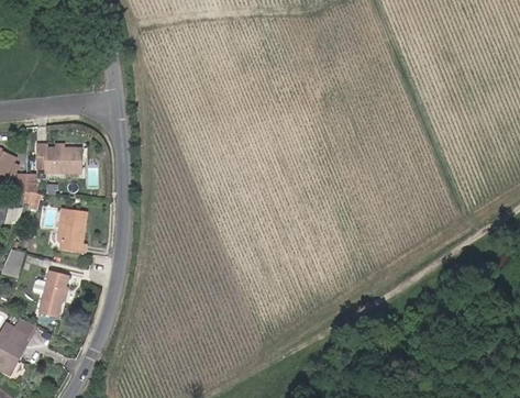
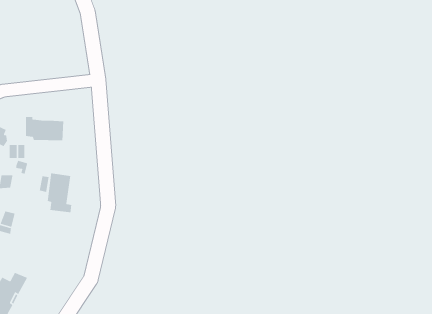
building: [40,270,69,318] -> none

